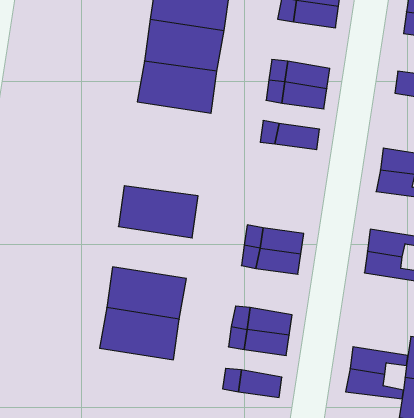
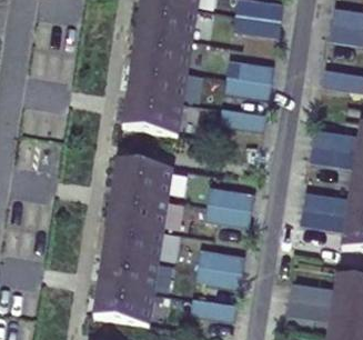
building: none -> [121,94,182,134]
building: none -> [107,190,168,230]
building: none -> [92,283,153,323]

